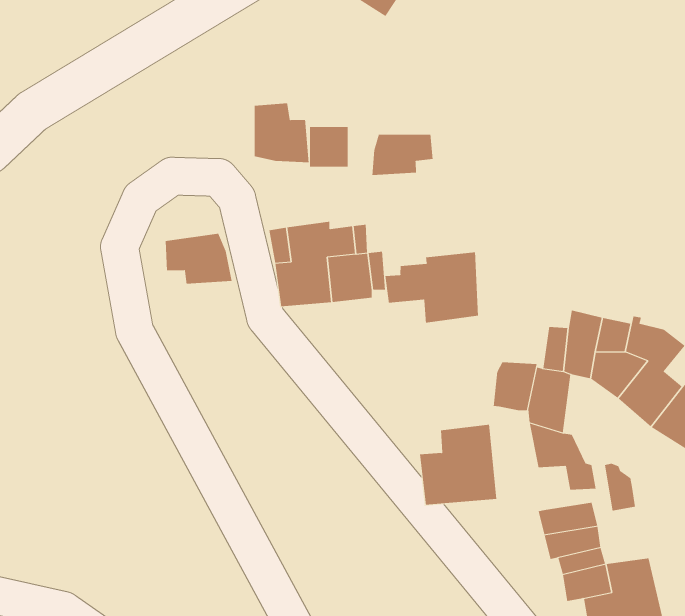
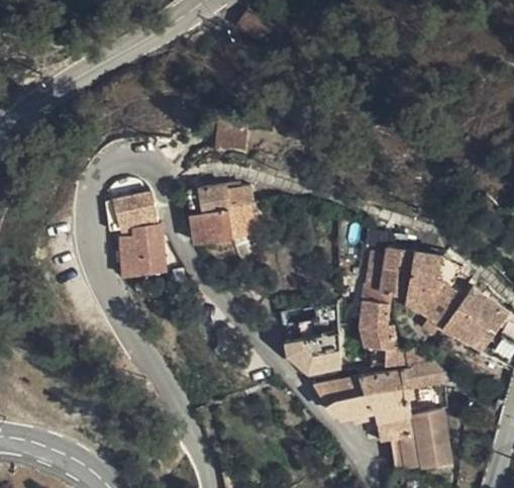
building: [254,103,309,163] -> none
building: [372,134,433,176] -> none
building: [385,251,478,324] -> none
building: none -> [116,226,165,275]
building: [493,362,537,411] -> none
building: none -> [318,381,373,420]

